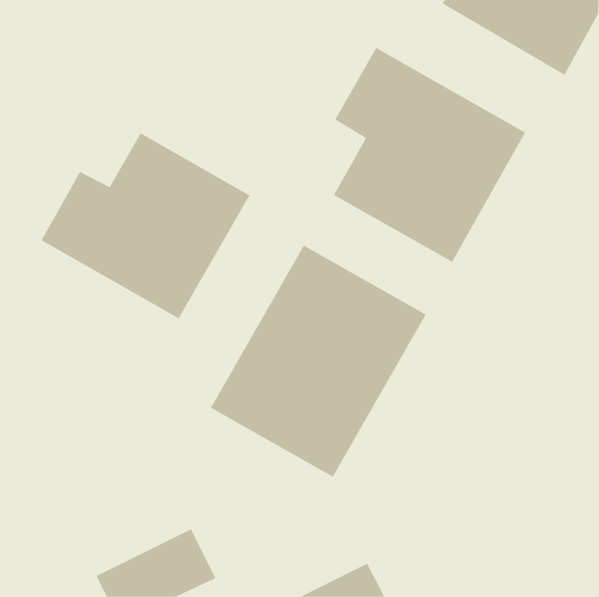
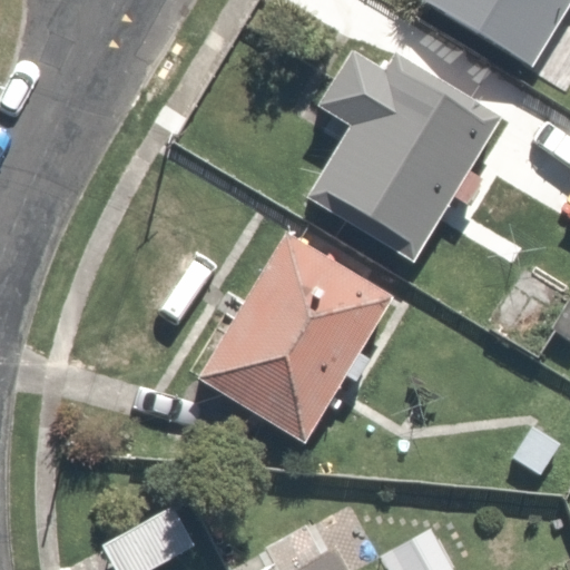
building: [41,132,250,319] -> none

